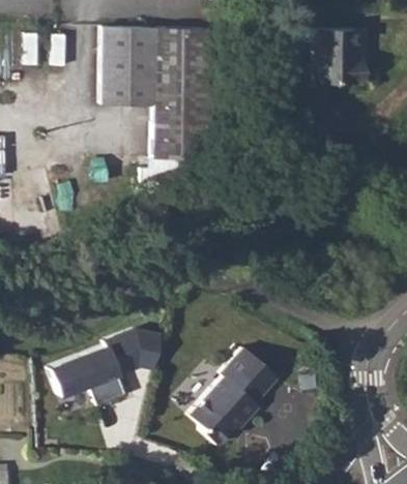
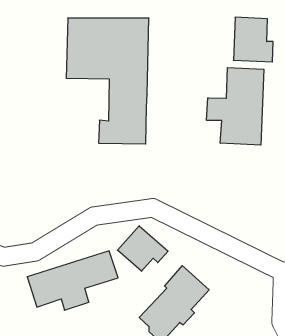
building: none -> [207,68,264,145]
building: none -> [117,226,168,271]

